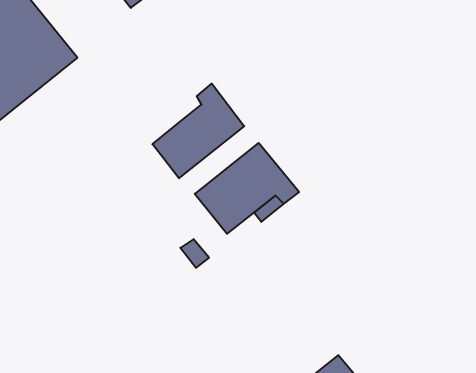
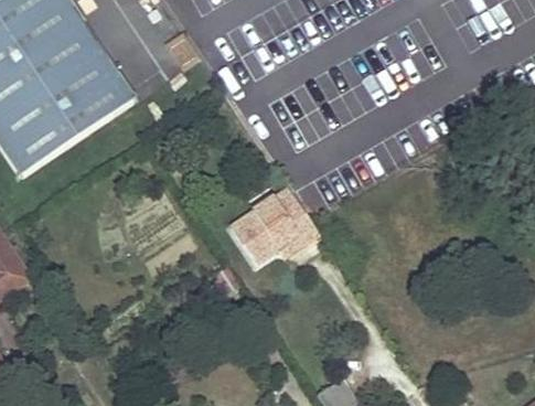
building: [152,84,244,178] -> none

